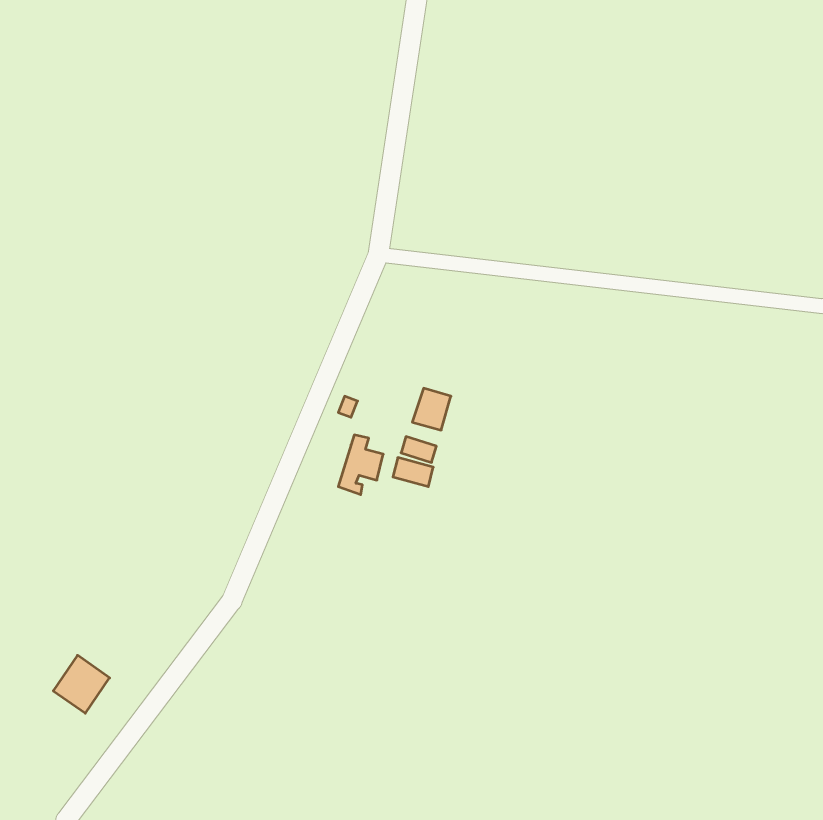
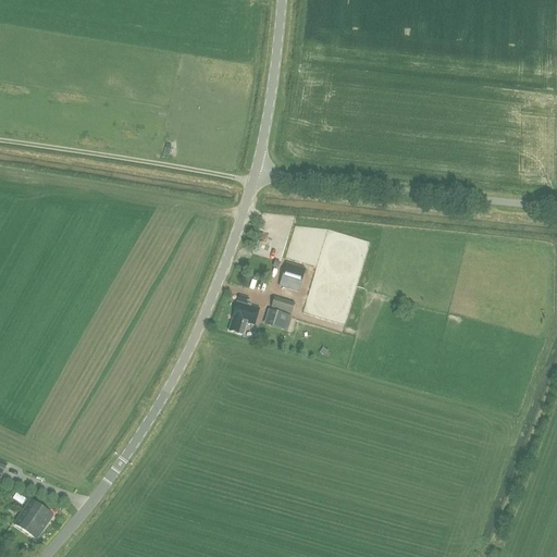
building: [53,655,110,713] -> [14,499,52,539]

